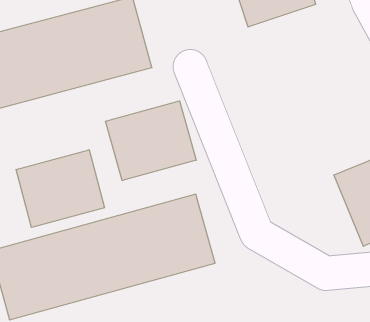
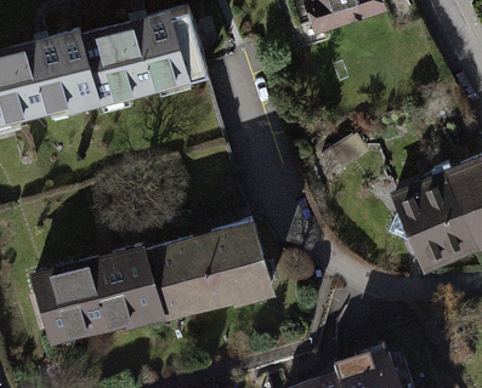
building: [106,101,196,181] -> none
building: [16,150,105,227] -> none

